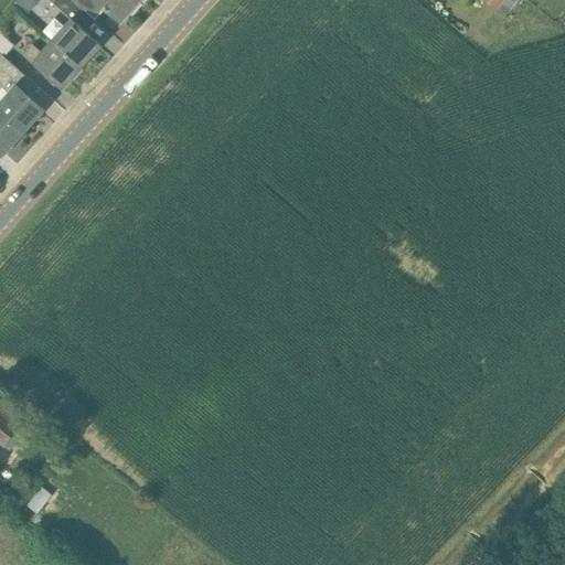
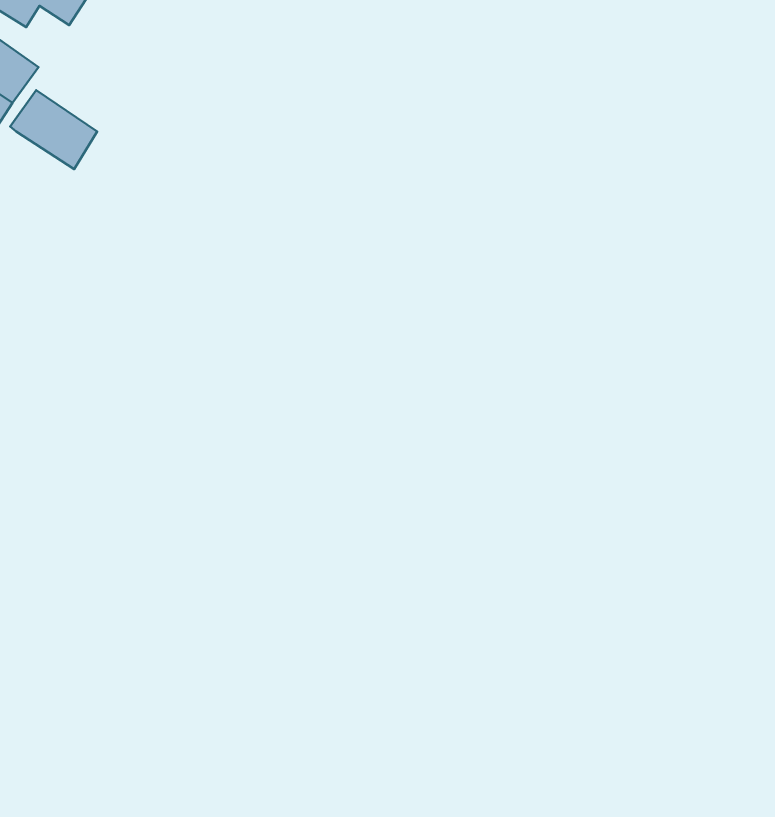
building: none -> [10,90,97,169]

